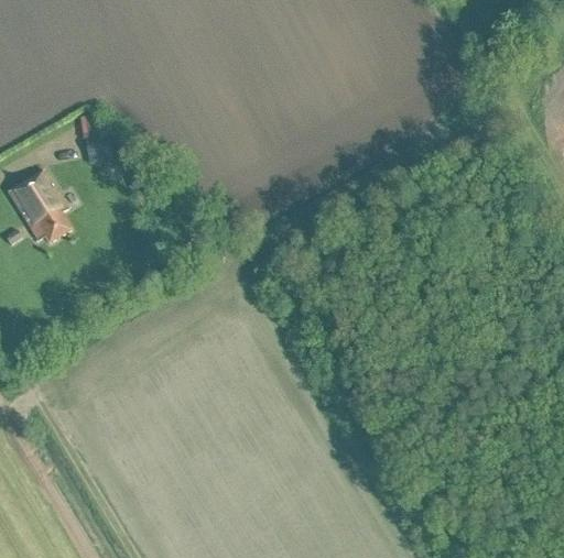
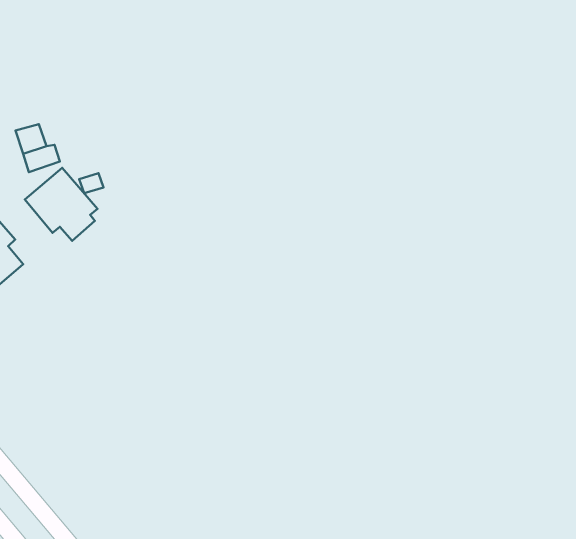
building: none -> [25,168,98,241]

